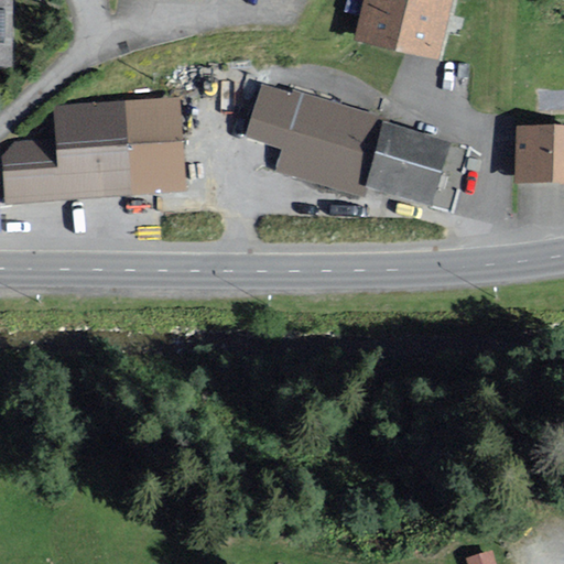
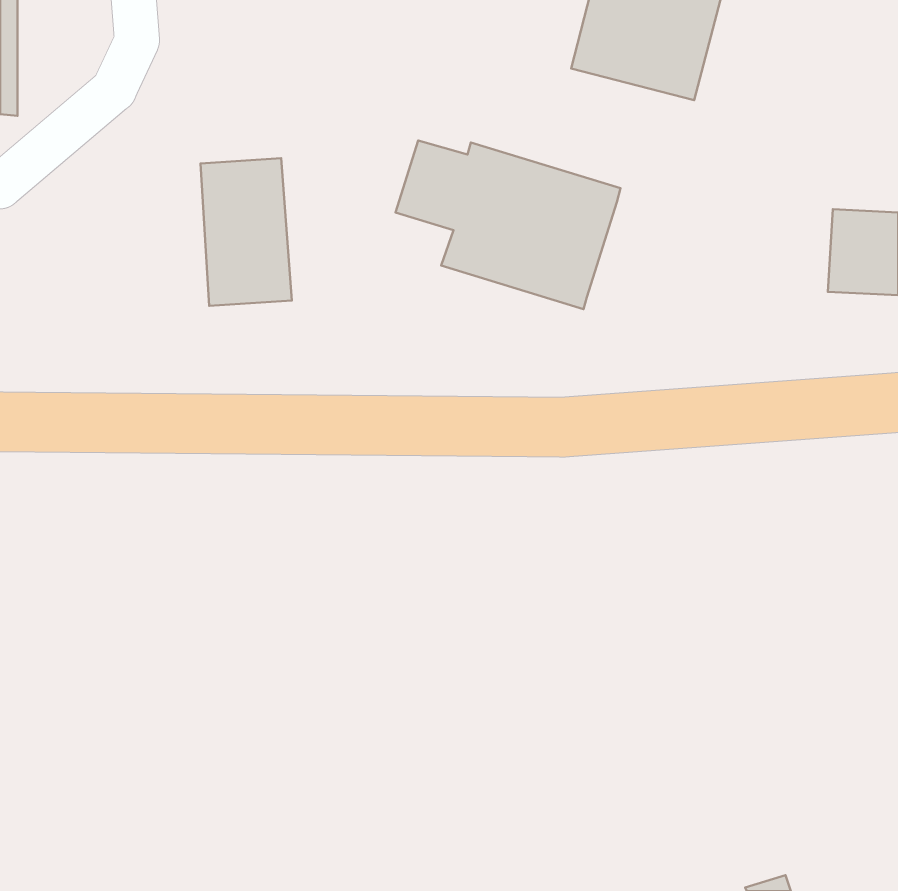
building: [4,102,131,200] -> none
building: [368,127,449,206] -> none

